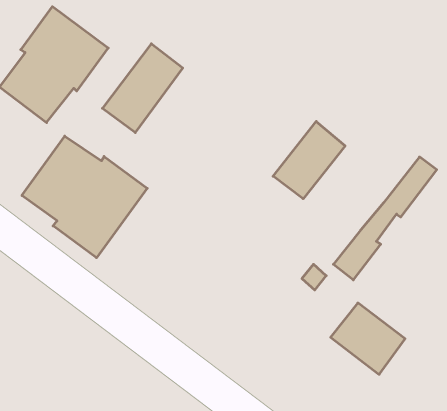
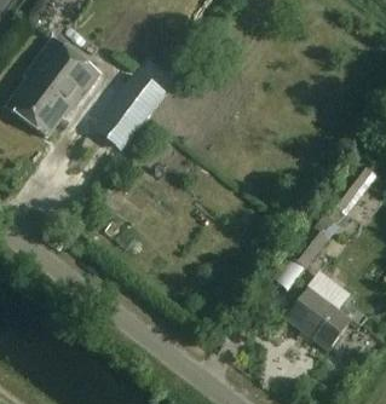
building: [273,121,345,199] -> none
building: [22,136,147,258] -> none

